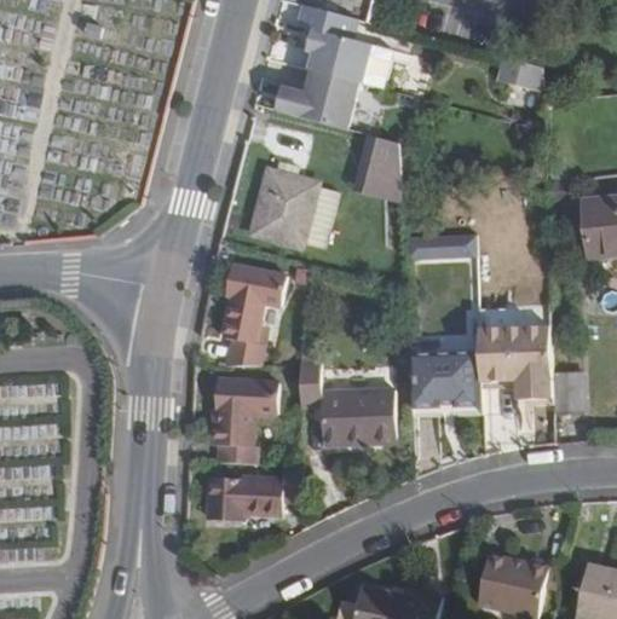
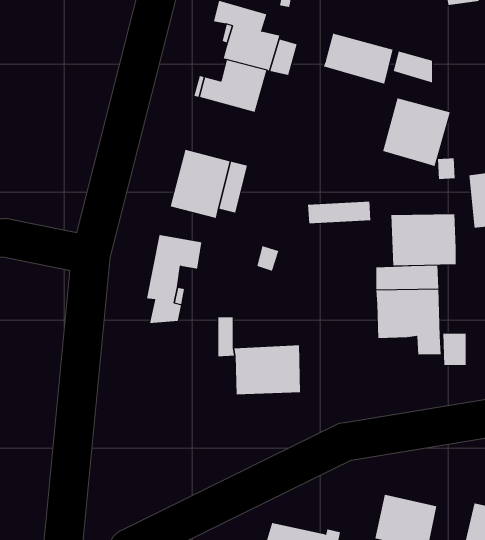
building: none -> [323,33,393,84]
building: none -> [382,98,450,167]
building: [357,135,400,204] -> none
building: [406,343,480,401] -> [390,214,456,266]
building: [211,378,277,462] -> none
building: [206,462,301,521] -> none

